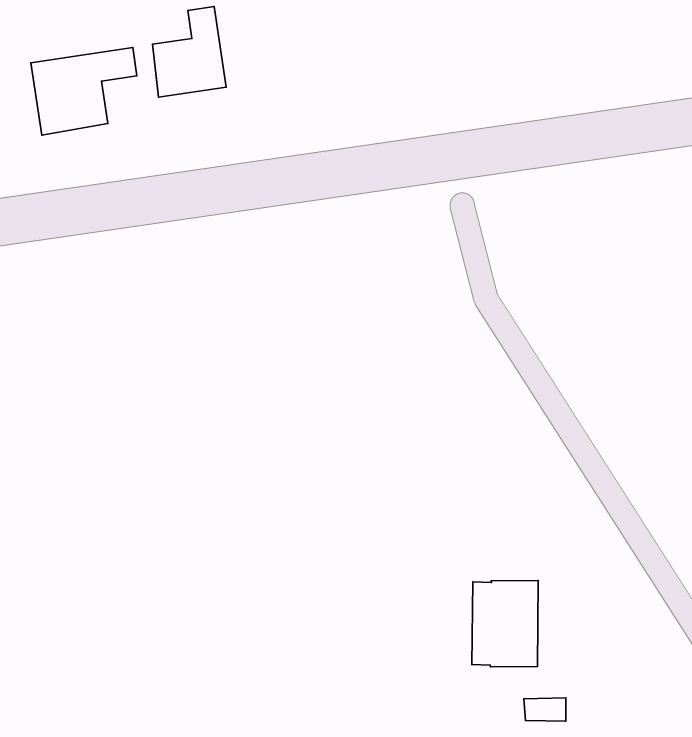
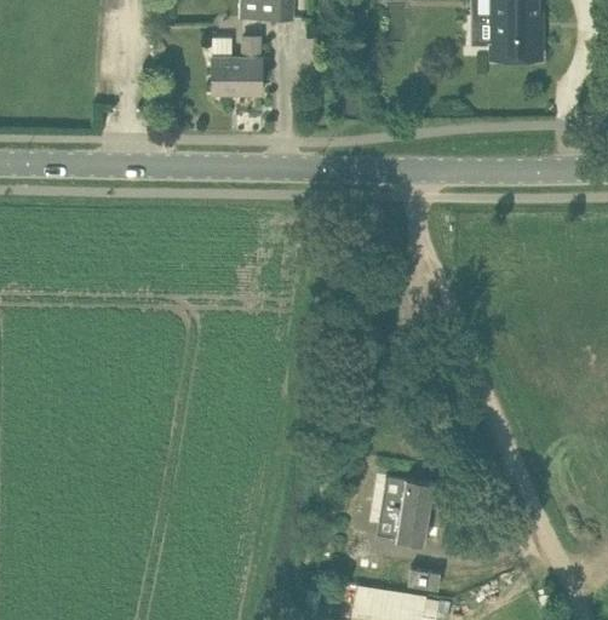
building: [31,48,137,135] -> none

